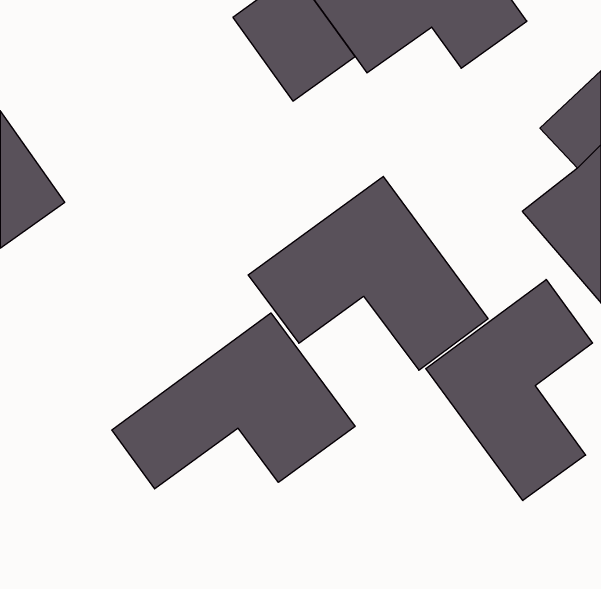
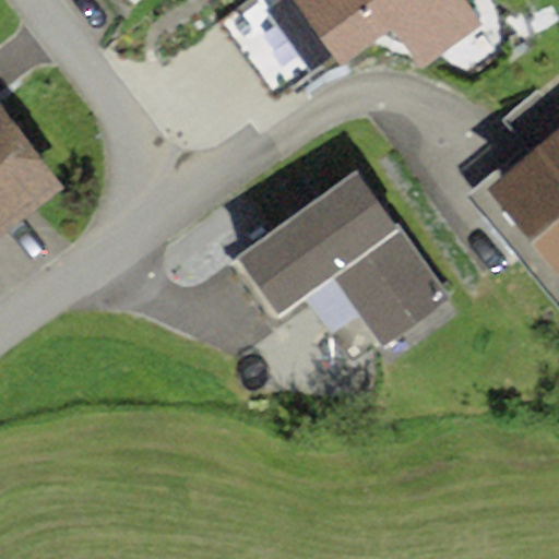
building: [426,279,593,501] -> none
building: [112,313,355,489] -> none

